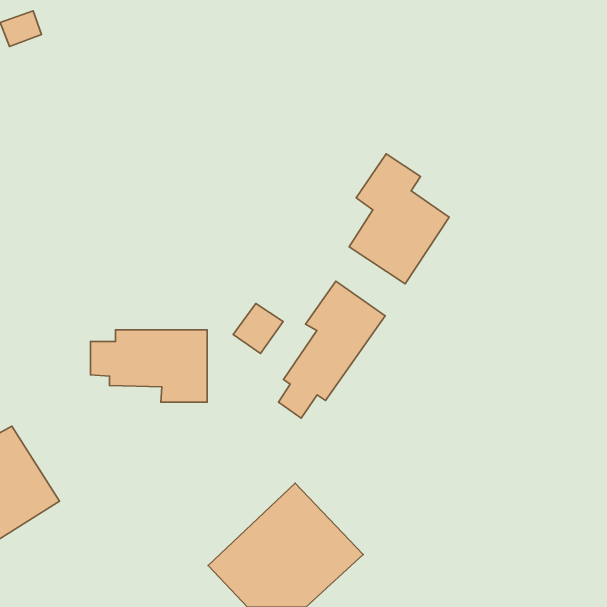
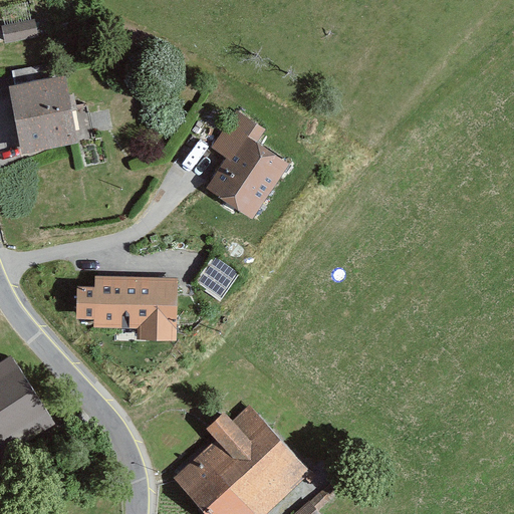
building: none -> [7,76,77,154]
building: [349,154,449,284] -> [204,110,288,220]
building: [278,281,385,418] -> none

